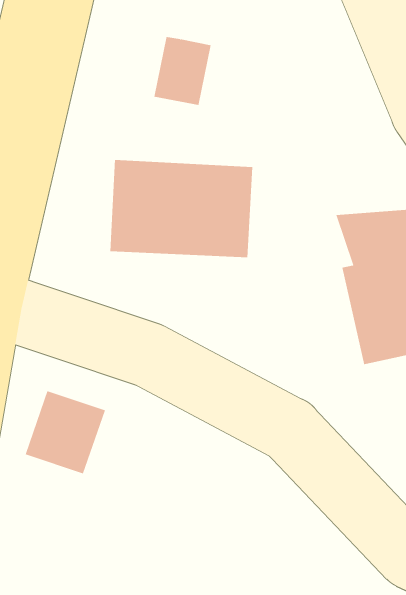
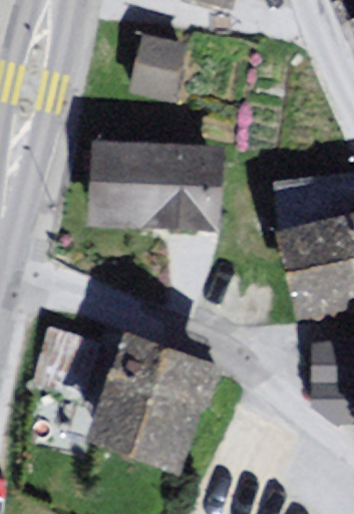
building: none -> [92,346,205,468]

